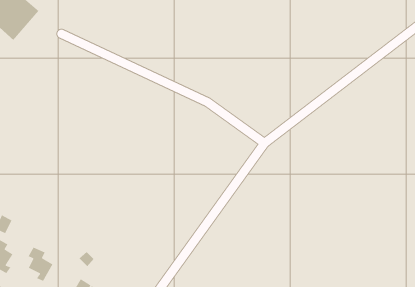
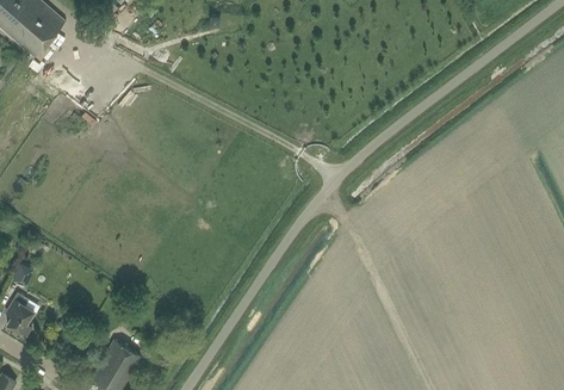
building: [28,246,53,282] -> none

